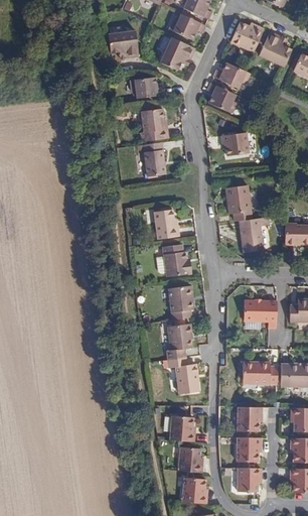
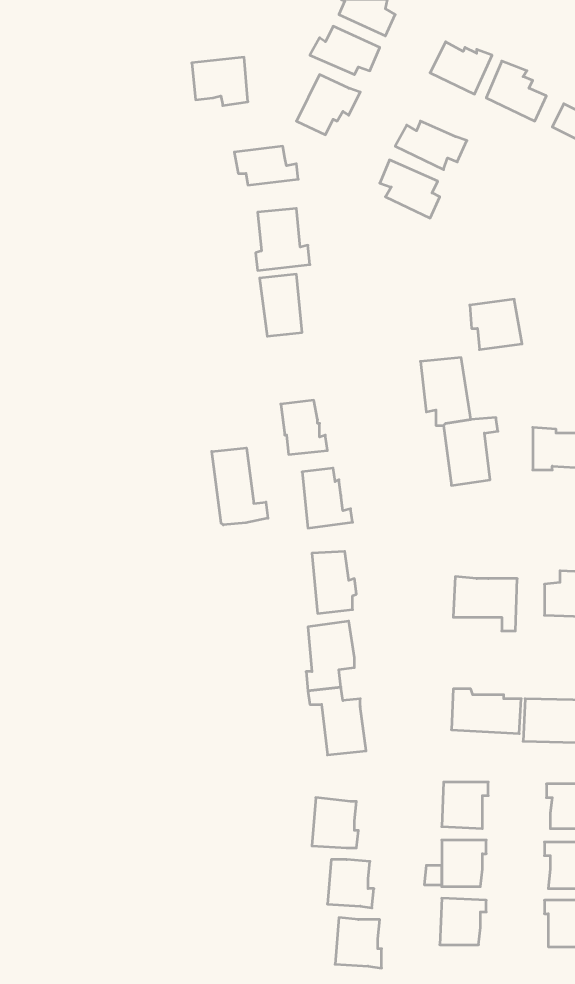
building: [221,128,249,154] -> [470,299,522,350]
building: none -> [212,448,268,525]

